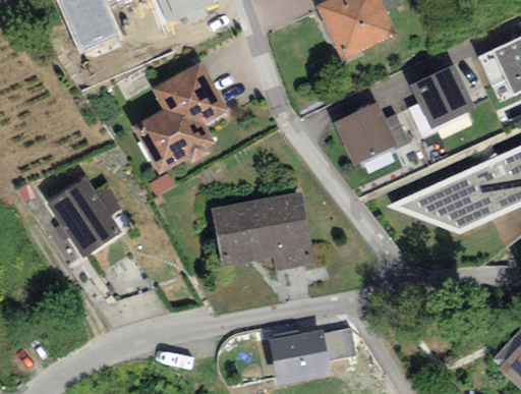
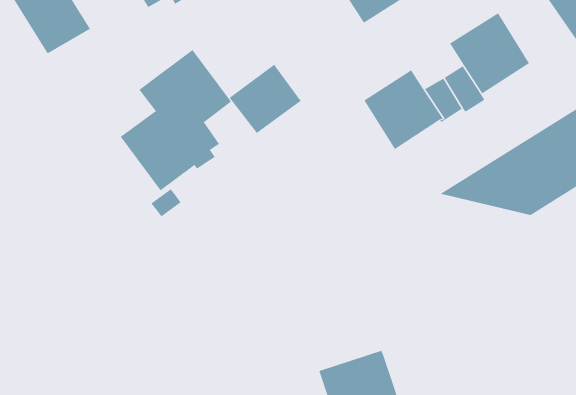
building: none -> [229,64,301,134]
building: [47,176,123,257] -> none
building: [211,191,313,271] -> none
building: [324,327,357,361] -> none

